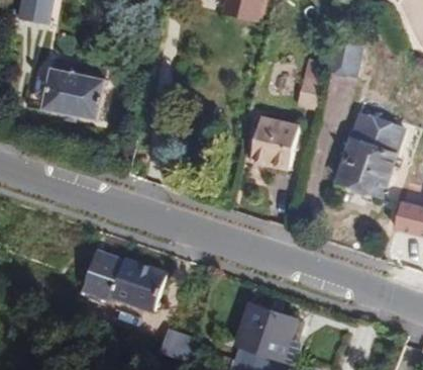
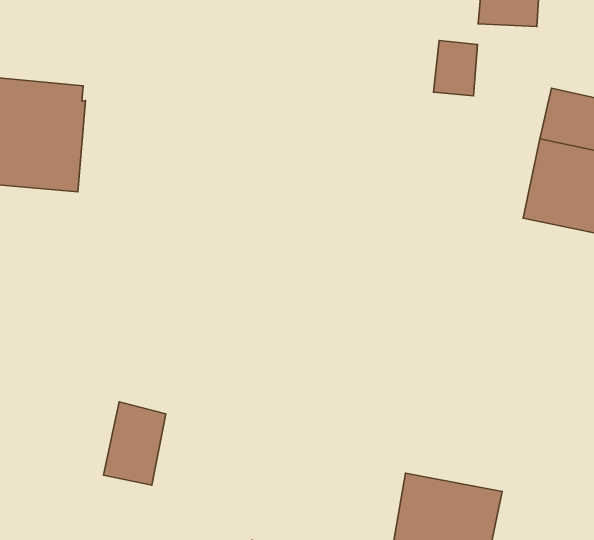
building: [250,120,300,175] -> none
building: [113,254,165,307] -> none

